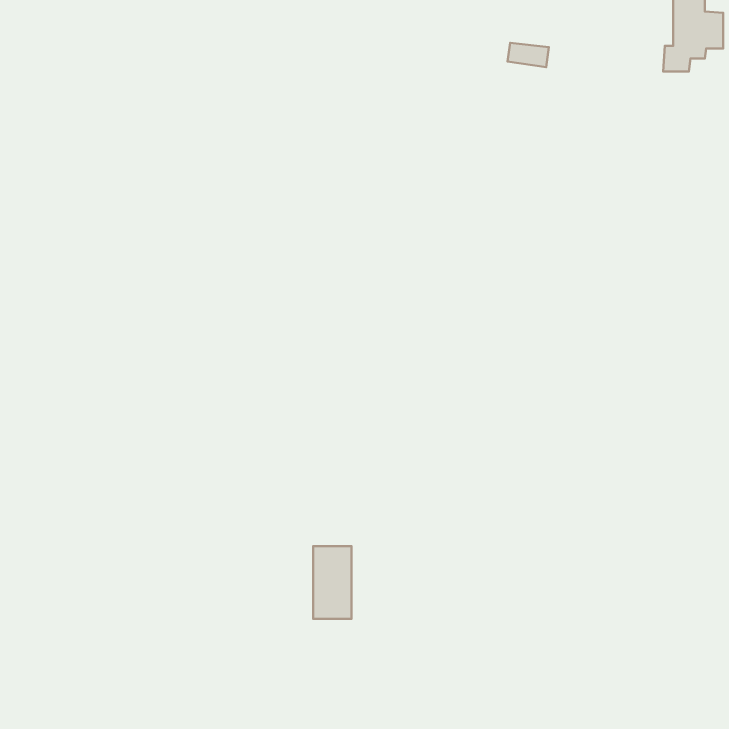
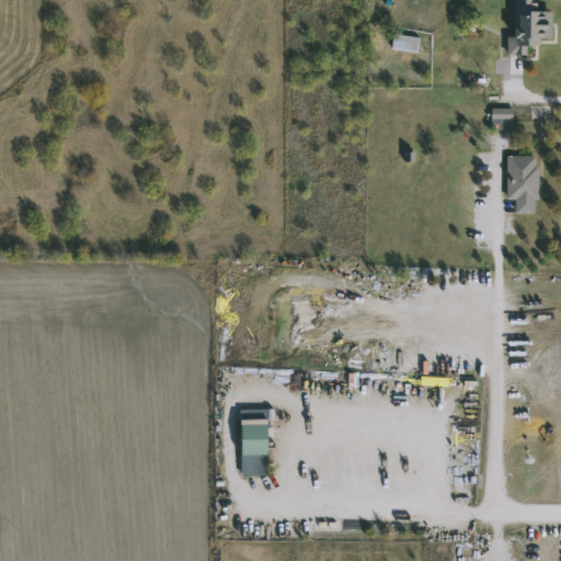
building: none -> [491,107,513,127]
building: none -> [506,154,539,213]

